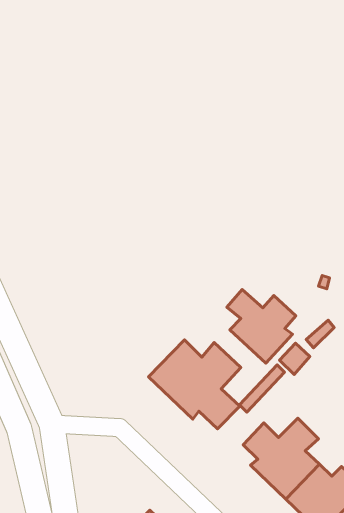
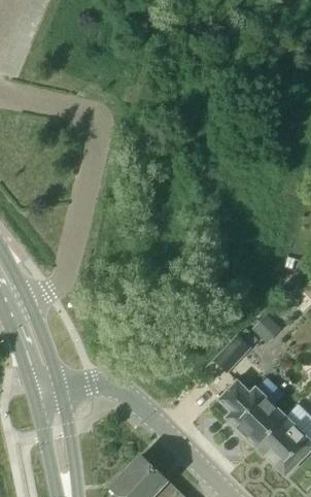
building: [227,290,296,363] -> none
building: [149,340,241,429] -> none

